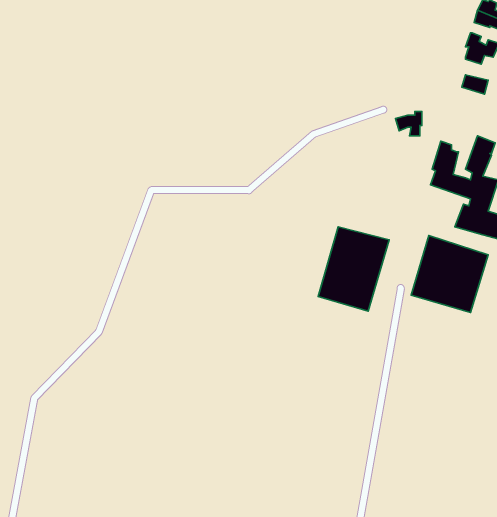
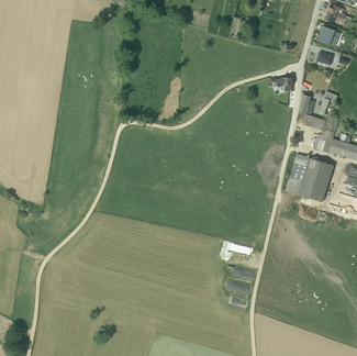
building: [318,227,389,311] -> none

